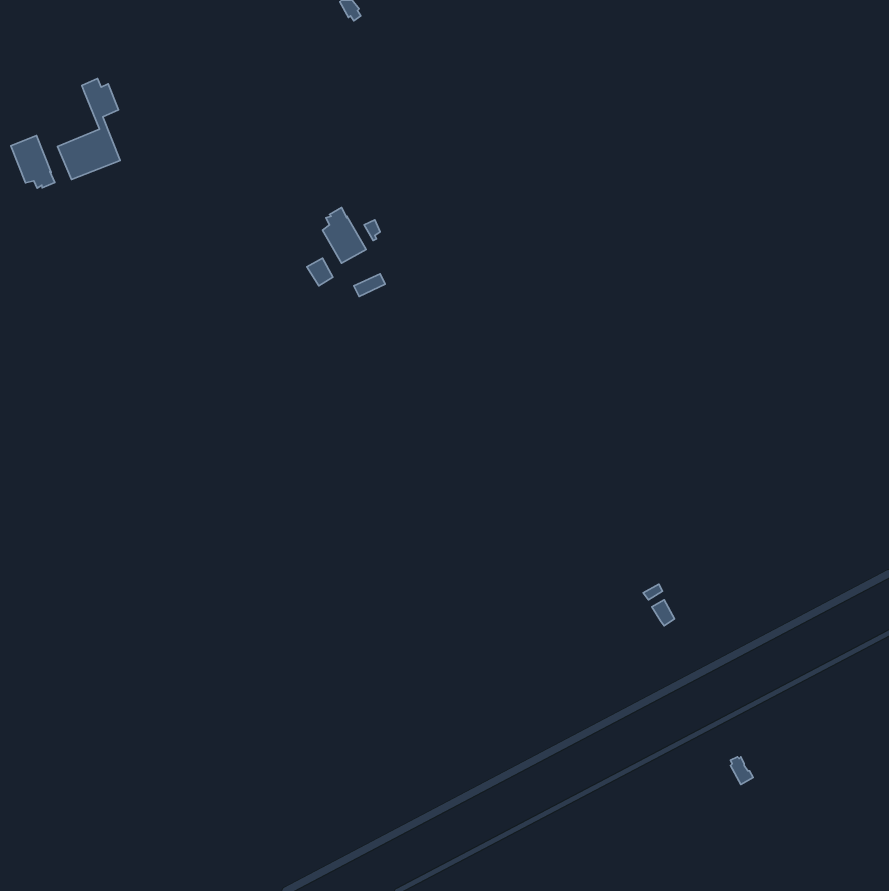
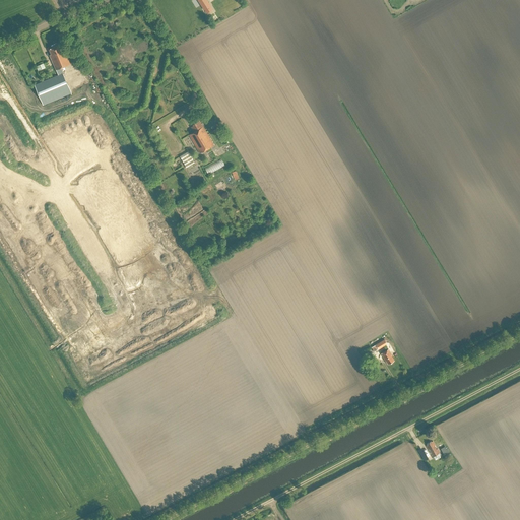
building: [11,136,55,188] -> none

